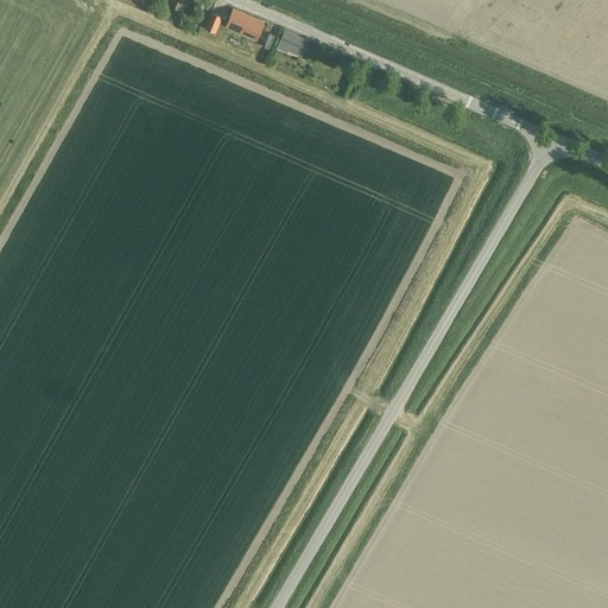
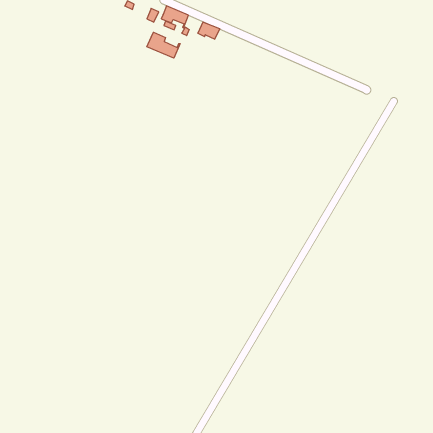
building: none -> [147,32,180,58]

